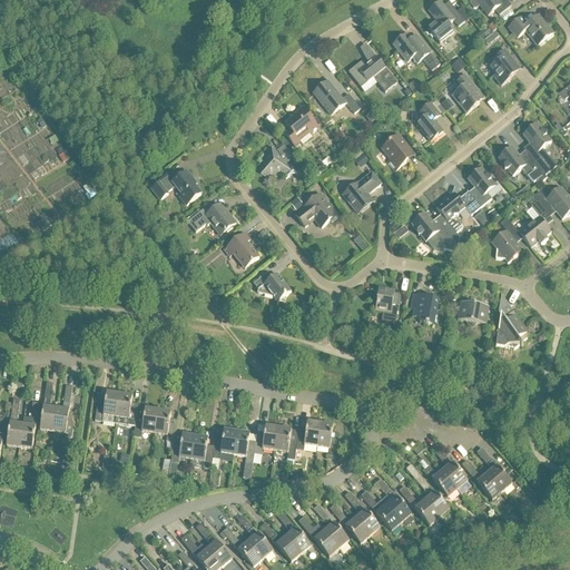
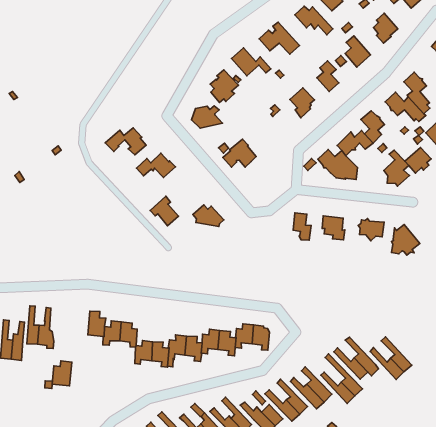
building: [342,170,380,212] -> none
building: [224,230,258,267] -> [150,196,179,226]
building: [94,390,119,421] -> [52,361,72,386]

